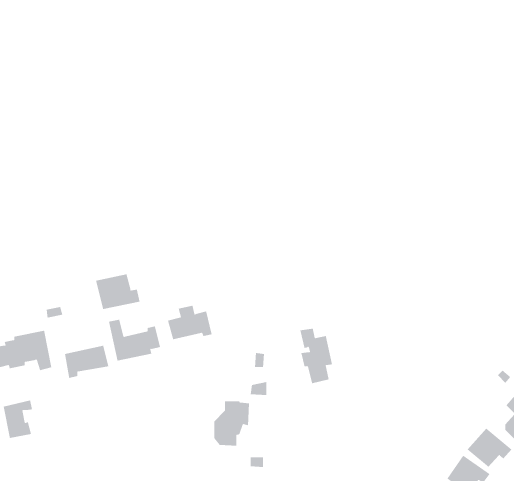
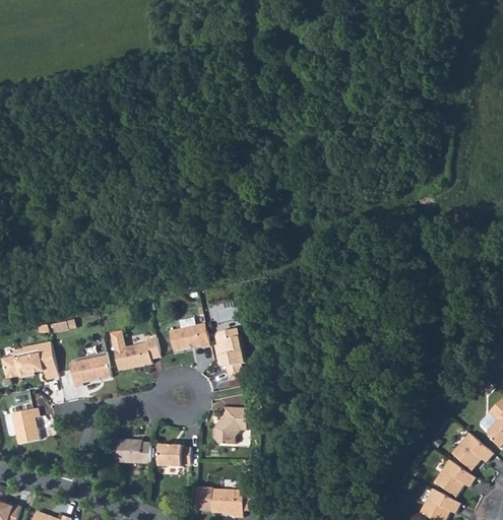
building: [96,274,140,310] -> none
building: [300,328,333,384] -> [214,330,246,383]
building: none -> [114,441,150,464]
building: none -> [160,444,190,466]

